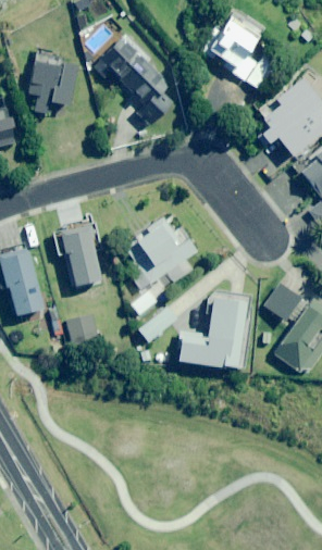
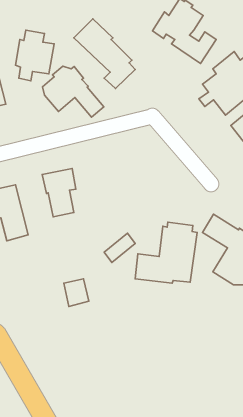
building: none -> [43,66,104,117]
building: [132,217,198,284] -> none
building: [66,314,98,349] -> [64,279,89,306]

